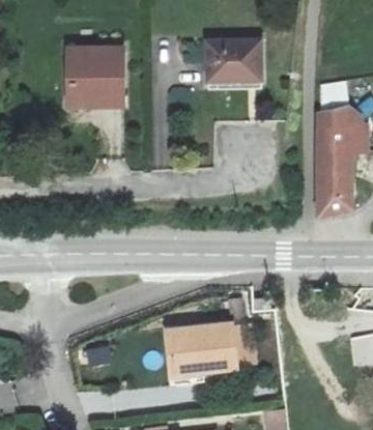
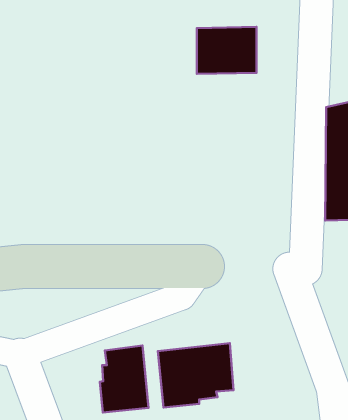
building: [64,50,120,109] -> none
building: none -> [100,346,148,412]

